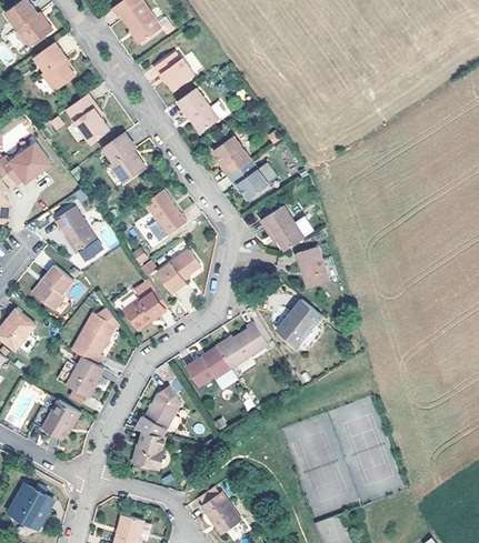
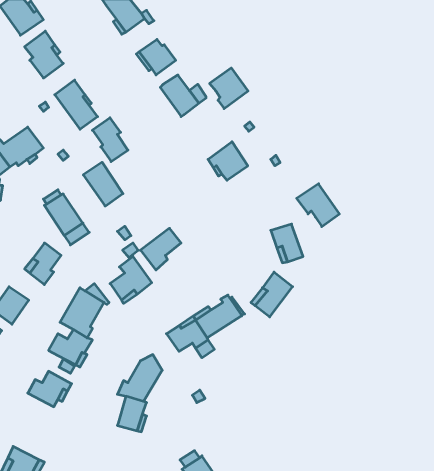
building: [213,134,255,178] -> [210,68,248,109]
building: [144,189,187,235] -> [83,162,123,206]
building: [256,205,301,251] -> [297,184,339,227]

